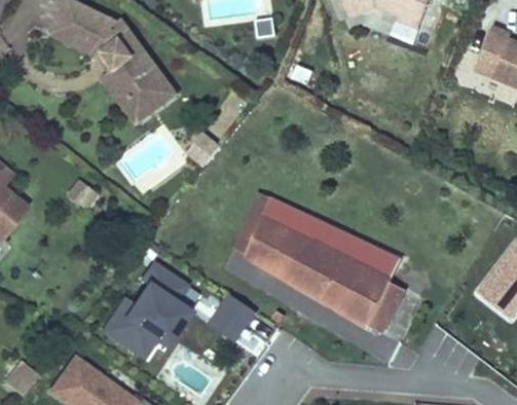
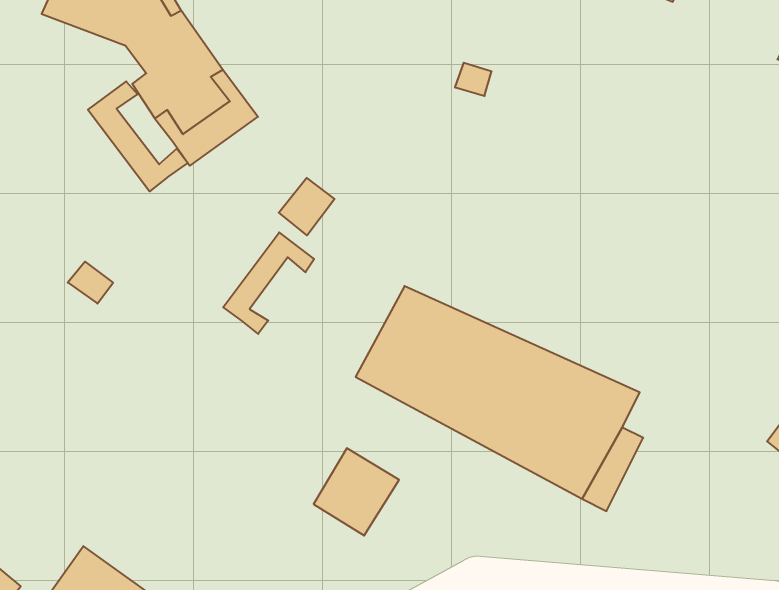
building: none -> [88,81,188,191]
building: none -> [223,232,314,334]
building: [99,264,205,365] -> none

